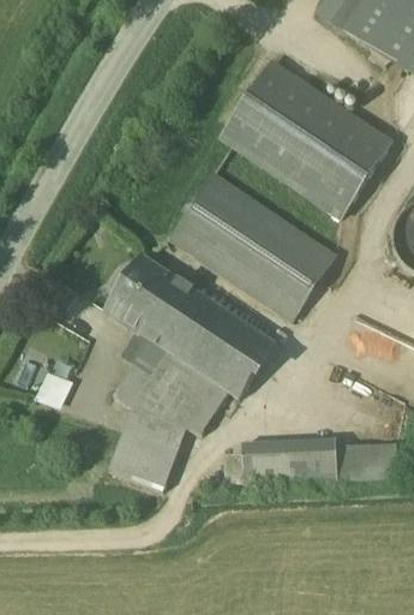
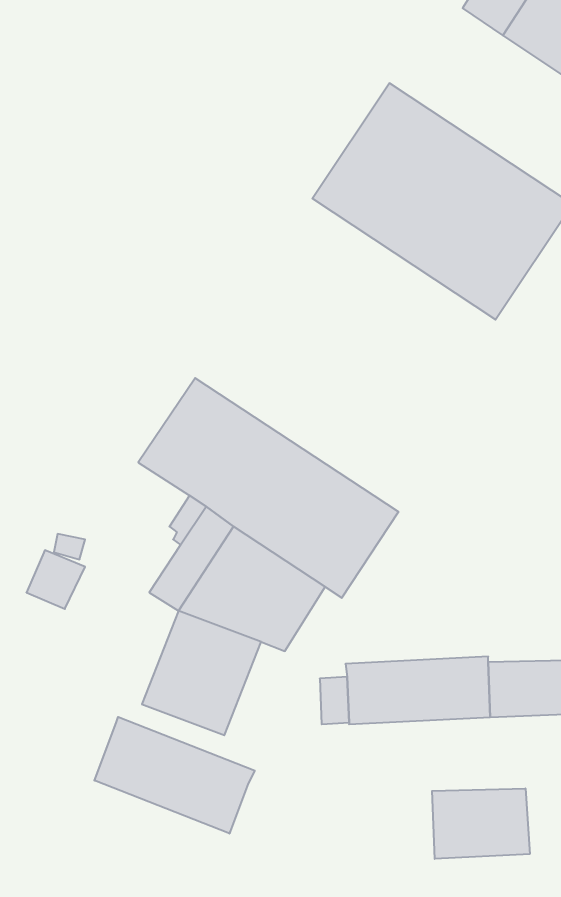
building: [170,173,335,320] -> none
building: none -> [94,717,255,834]
building: none -> [432,788,530,859]

